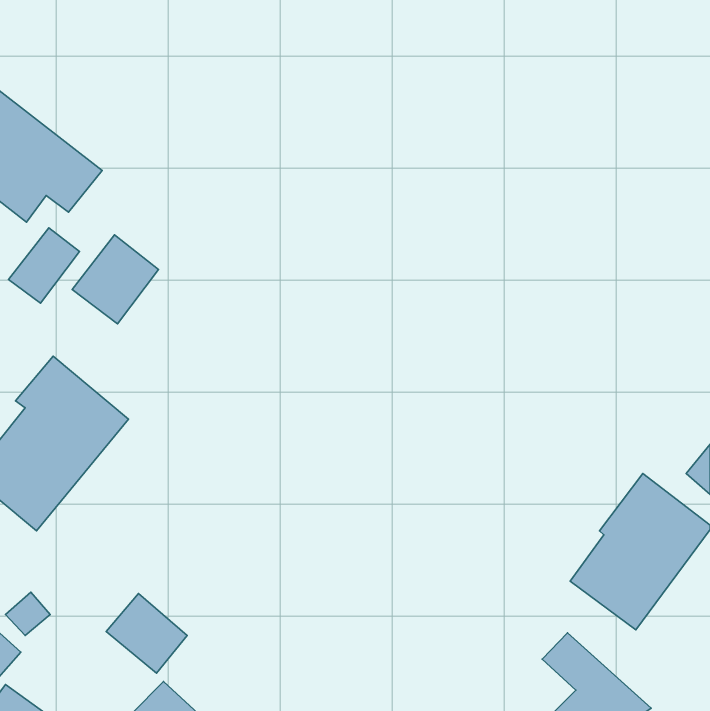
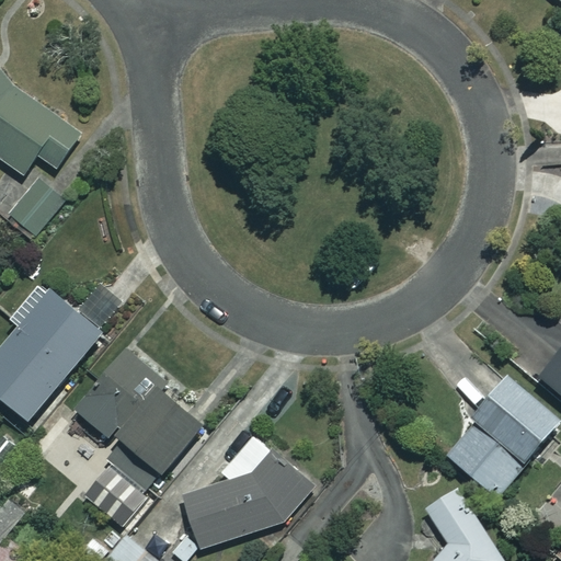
building: [72,235,158,324] -> none
building: none -> [77,350,204,473]
building: none -> [179,455,308,550]

